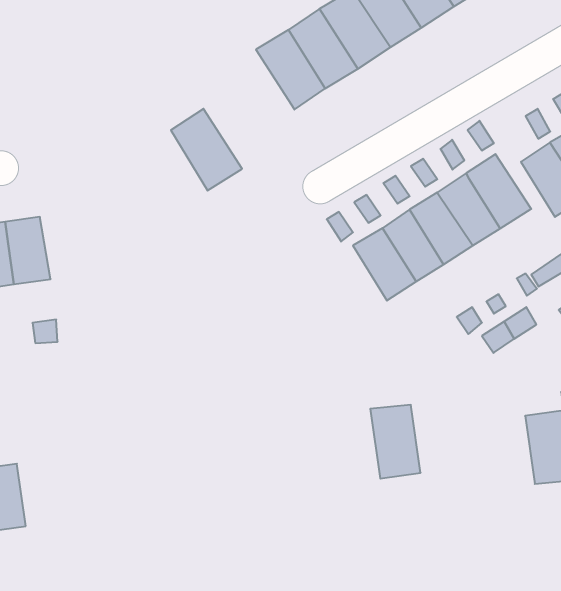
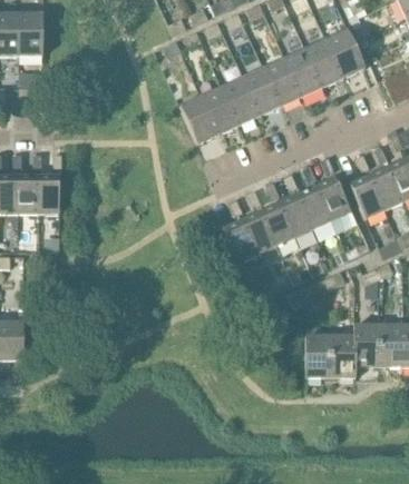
building: [171,109,242,191] -> [179,95,218,144]
building: none -> [223,219,257,264]
building: [370,405,421,479] -> [305,334,330,376]

